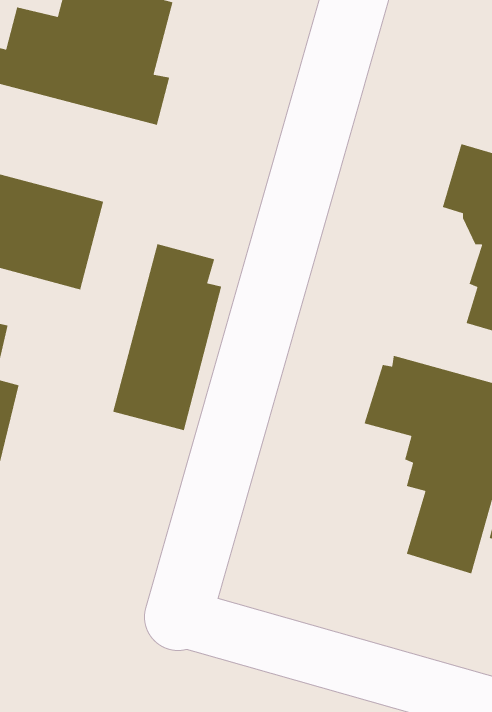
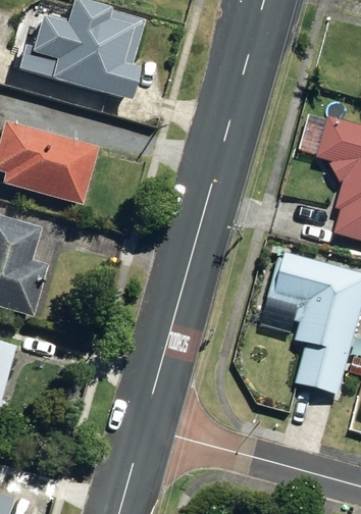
building: [112,243,222,431] -> none

